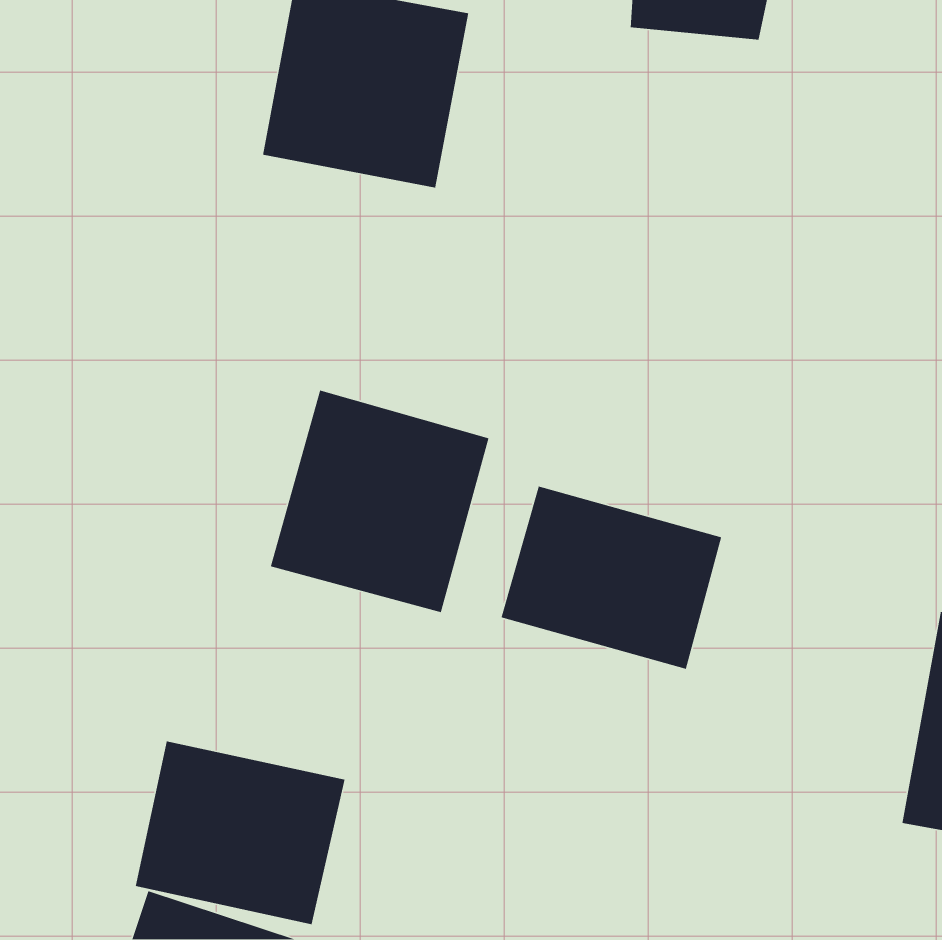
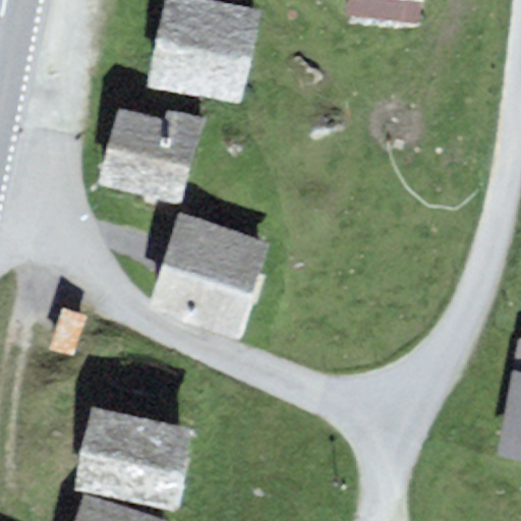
building: none -> [99,108,204,205]
building: [501,486,722,670] -> none

